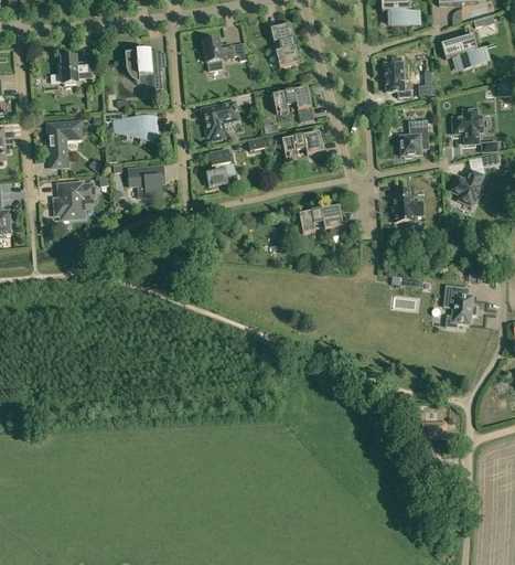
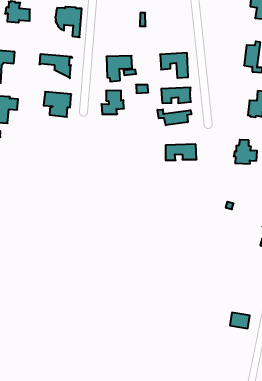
building: [270,23,299,67] -> none
building: [203,39,233,64] -> none
building: none -> [158,109,191,125]

